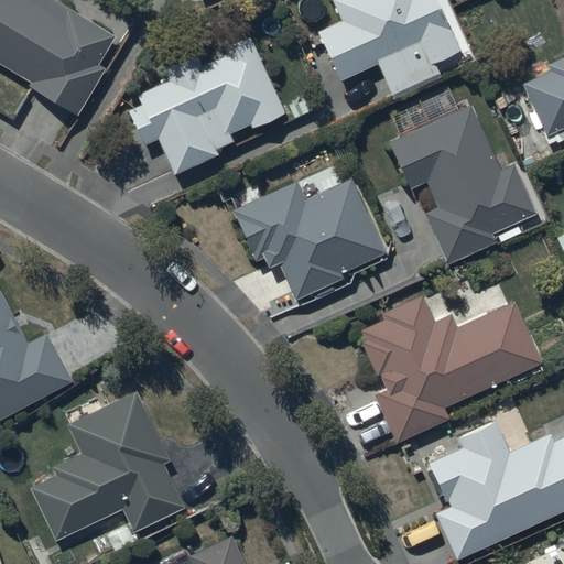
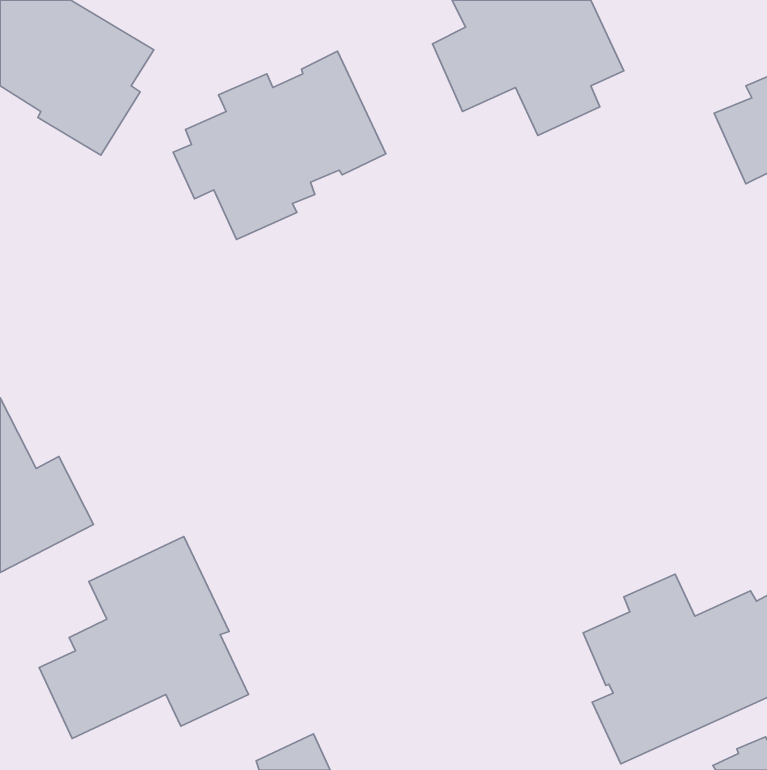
building: [390,100,538,263] -> none
building: [232,178,387,301] -> none
building: [361,296,542,444] -> none

